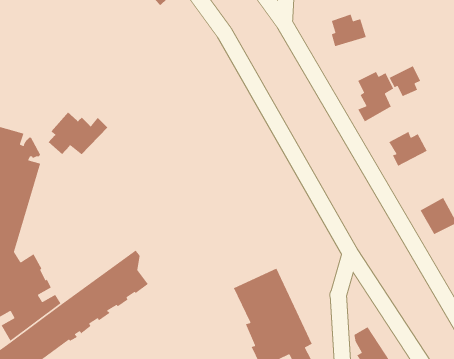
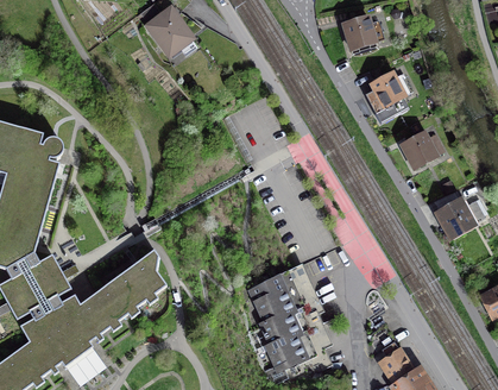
building: none -> [147,8,196,55]
building: [389,65,421,97] -> none
building: [48,112,108,155] -> none

